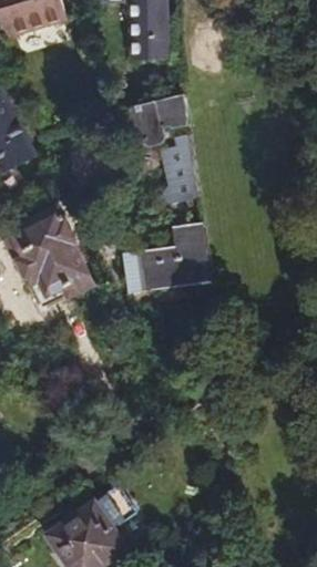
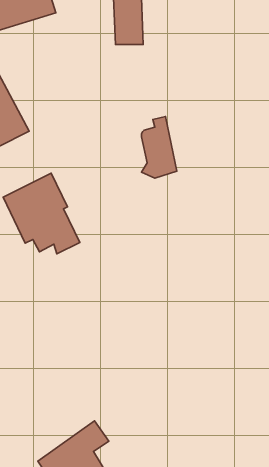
building: [121,94,187,146] -> none
building: [122,219,222,293] -> none

